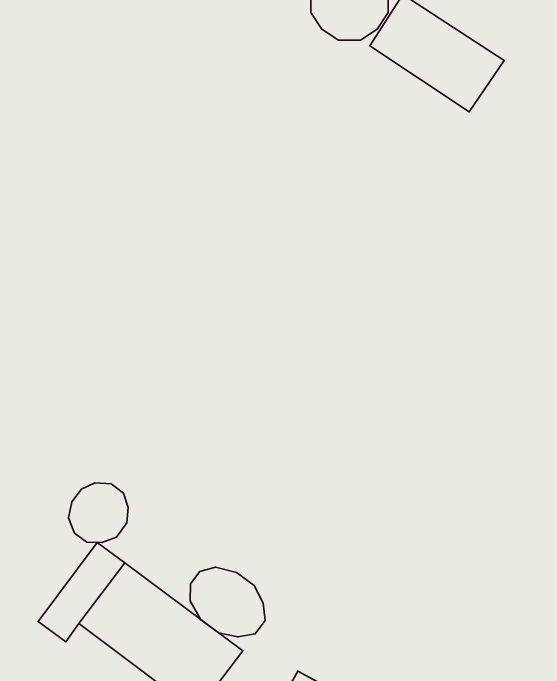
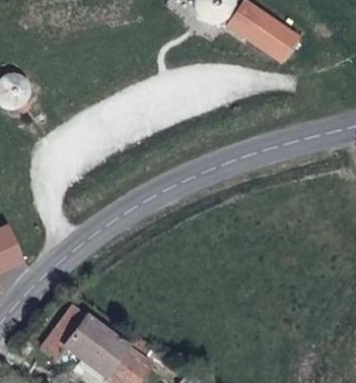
building: [69,483,128,543] -> none
building: [190,567,265,637] -> none

